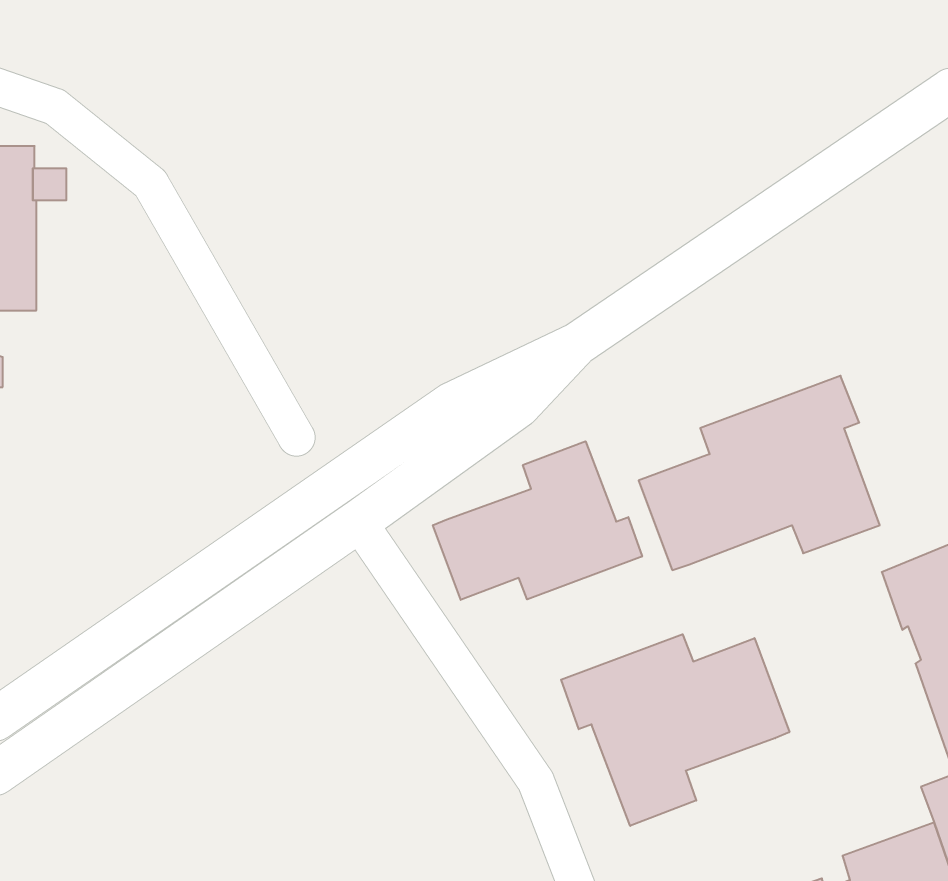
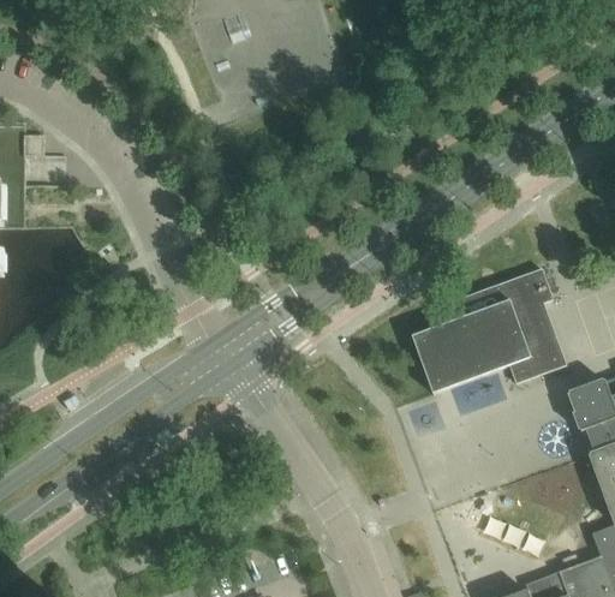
building: [433,441,642,600] -> none
building: [561,634,789,826] -> none

